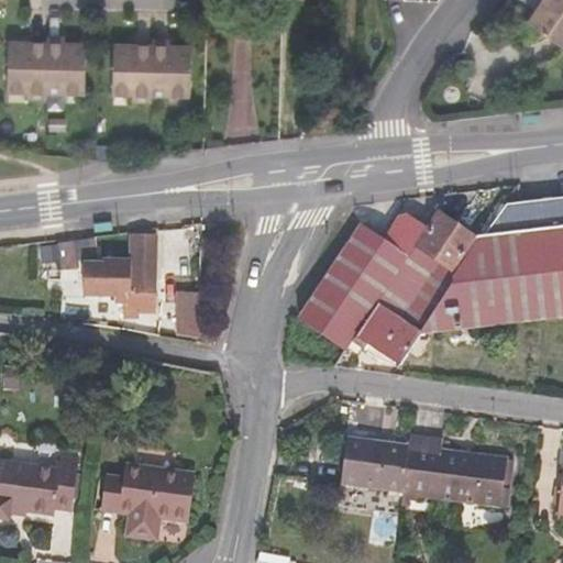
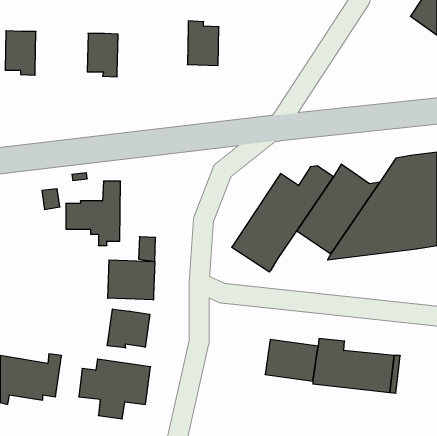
building: [45,35,86,91] -> none
building: [151,37,191,95] -> [187,21,219,65]
building: [349,297,426,363] -> none
building: none -> [108,260,155,300]
building: none -> [107,309,150,348]

